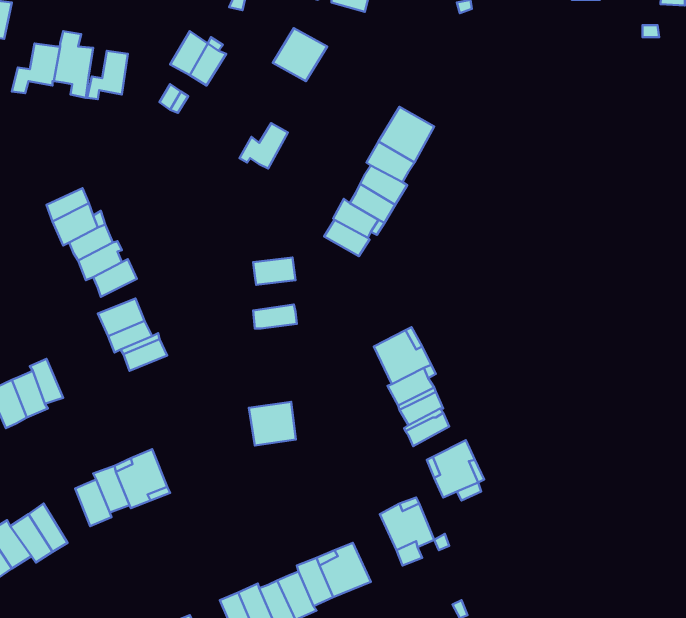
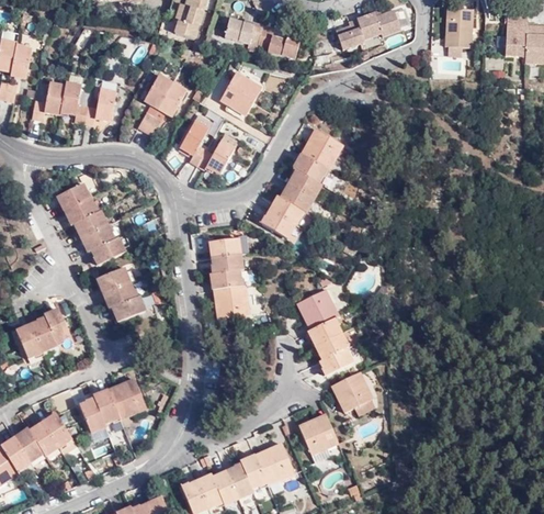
building: none -> [180,120,208,165]
building: none -> [211,254,241,272]
building: [249,402,296,445] -> [214,287,248,319]

